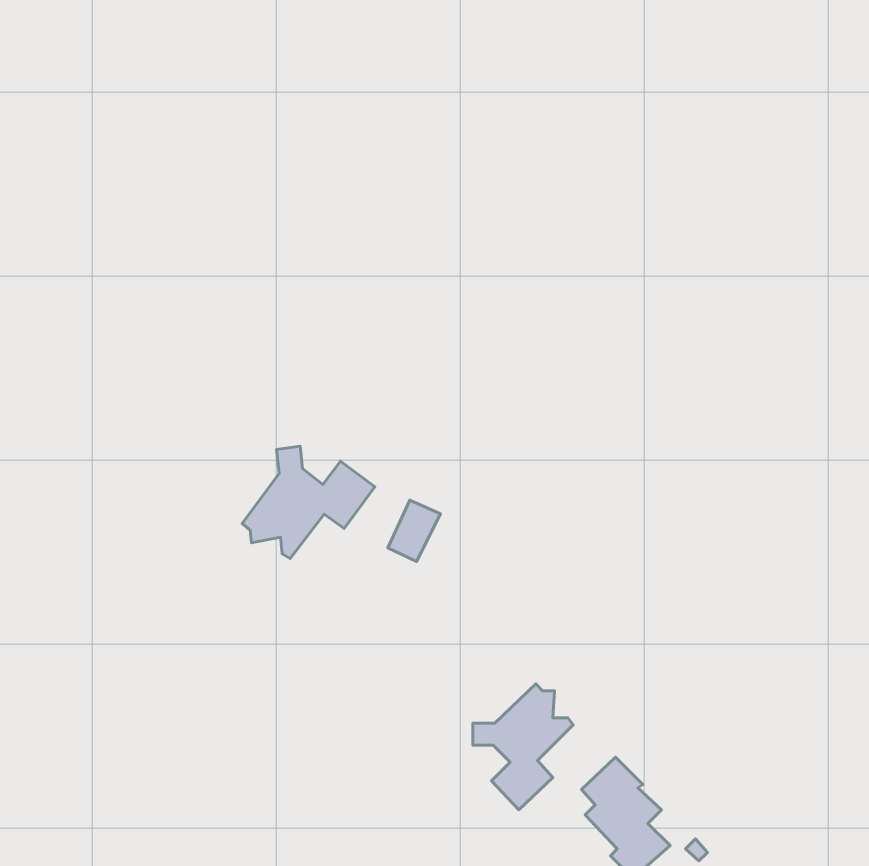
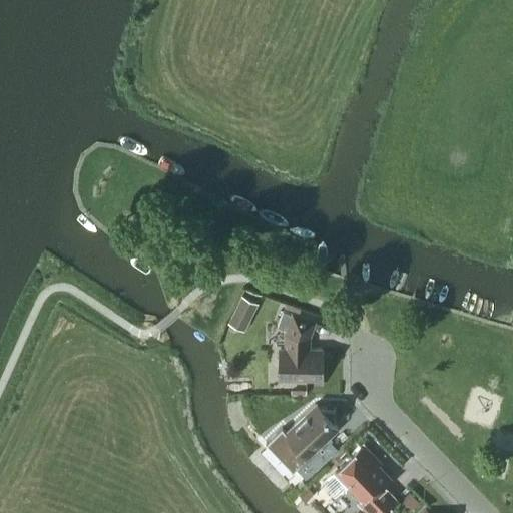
building: [242,446,375,558] -> none
building: none -> [278,312,322,386]

